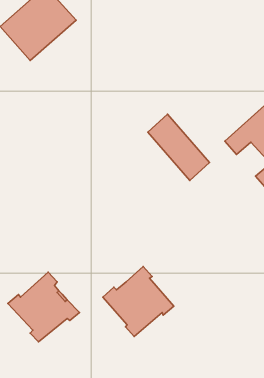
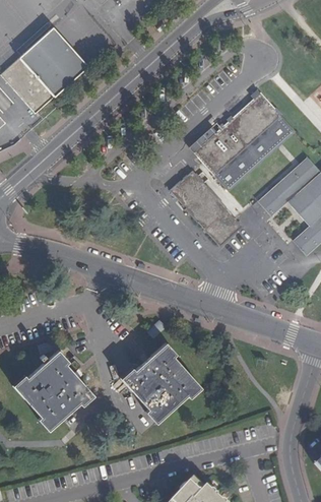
building: none -> [190,88,296,189]

